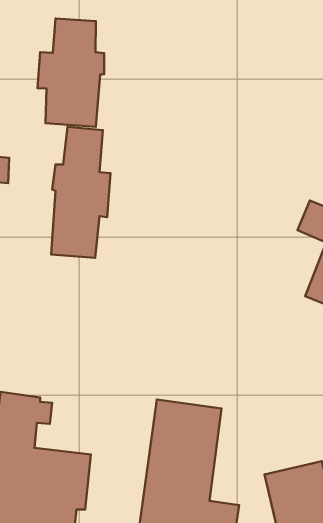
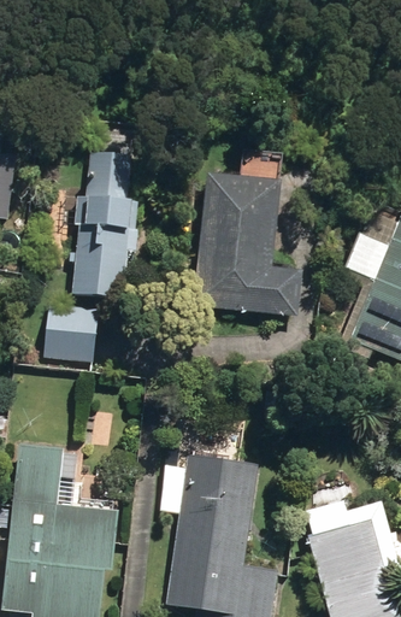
building: [38,19,104,127] -> none
building: none -> [194,175,300,316]
building: none -> [43,298,100,358]

